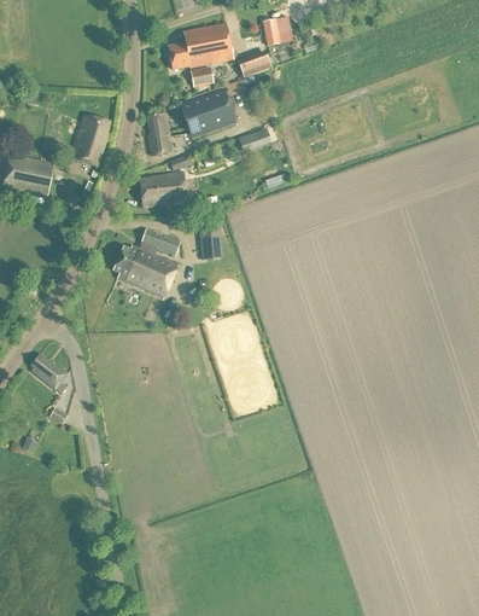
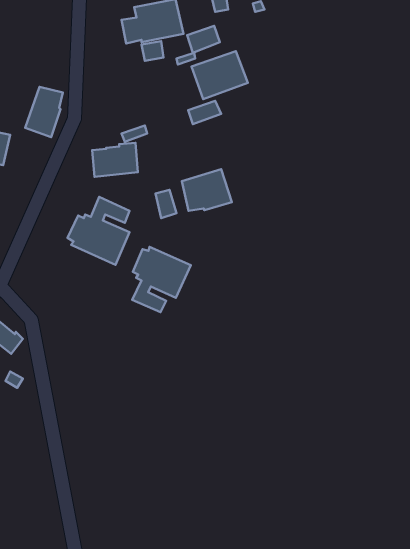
building: [179,89,236,139] -> [191,51,248,99]
building: [147,112,171,156] -> none
building: none -> [182,169,232,211]
building: none -> [132,247,191,312]

